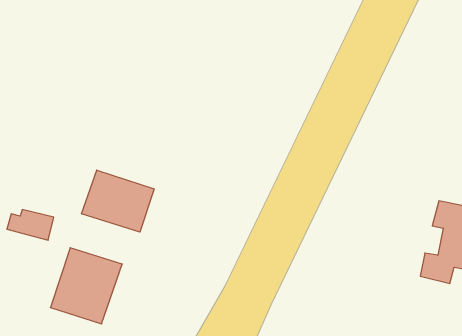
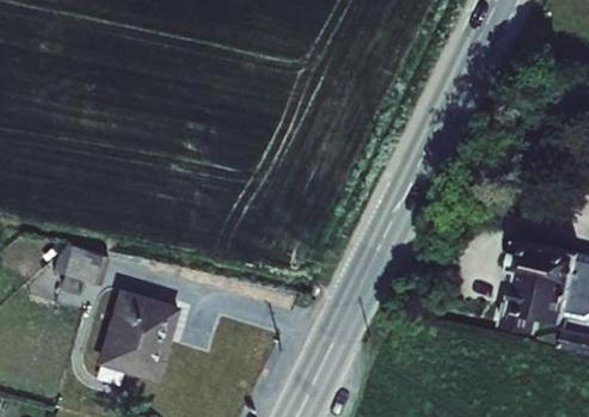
building: [82,170,154,232] -> none

